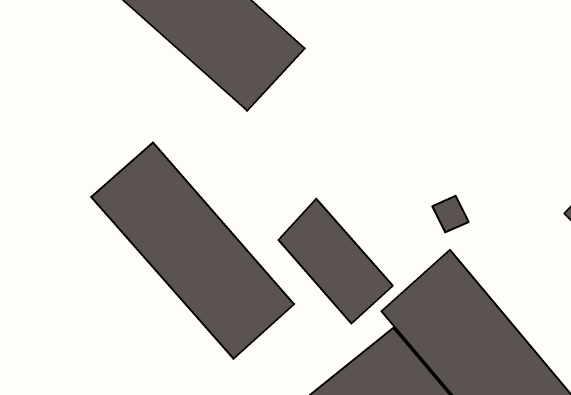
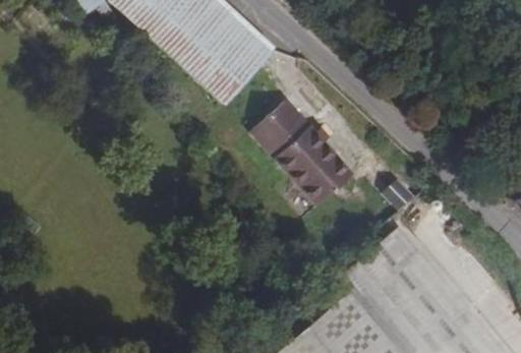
building: [91,142,294,359] -> none
building: [278,199,393,324] -> [255,99,354,207]

